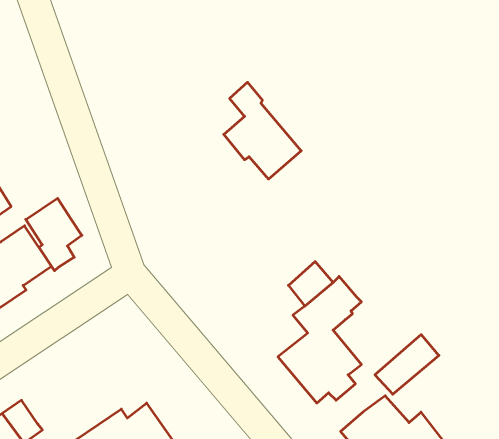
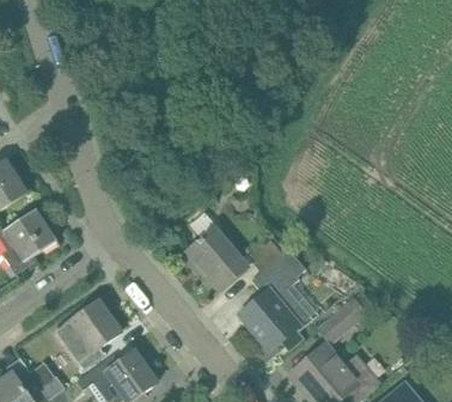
building: [224,82,301,179] -> [183,212,245,290]
building: [26,198,82,271] -> none
building: none -> [56,300,122,371]

